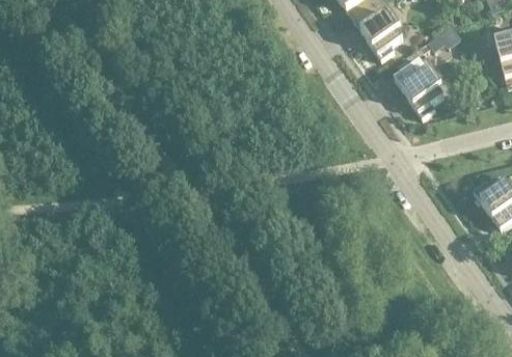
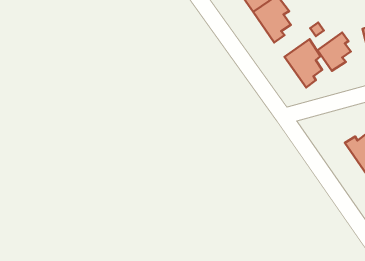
building: none -> [317,32,351,71]

